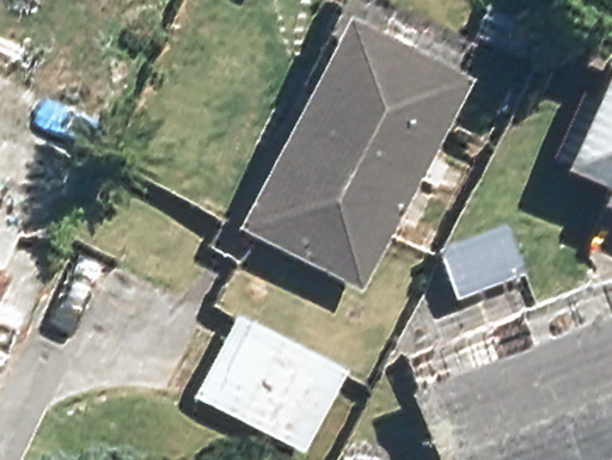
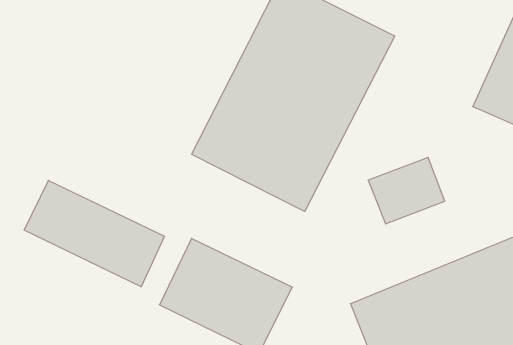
building: none -> [24,180,164,287]

